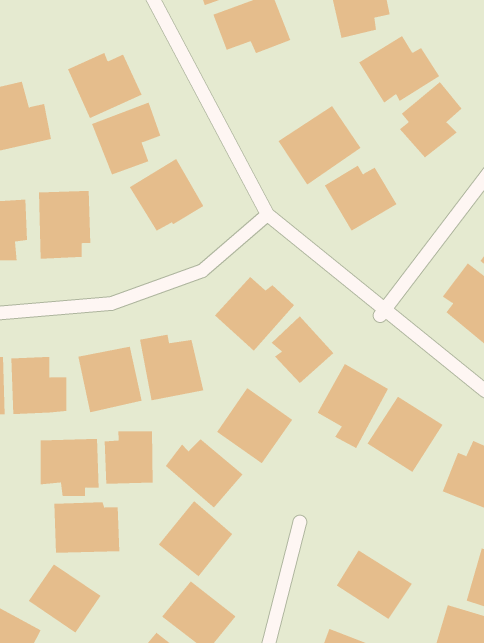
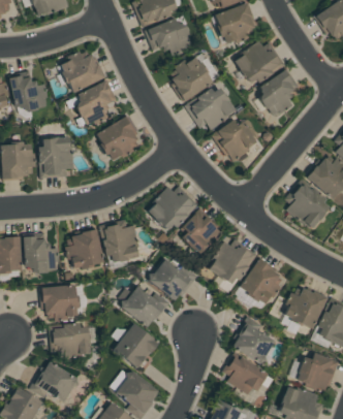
building: none -> [172,56,214,101]
building: [104,431,153,484] -> none
building: none -> [232,323,279,365]

